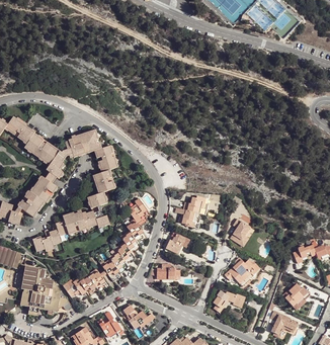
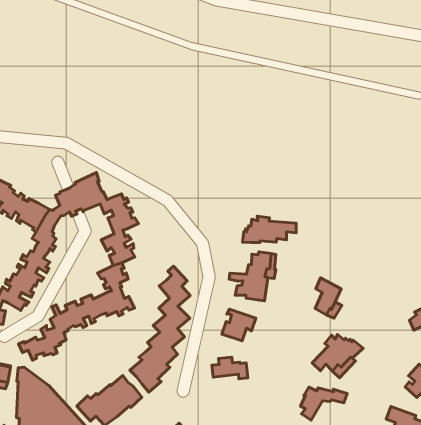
building: none -> [243,216,296,243]

